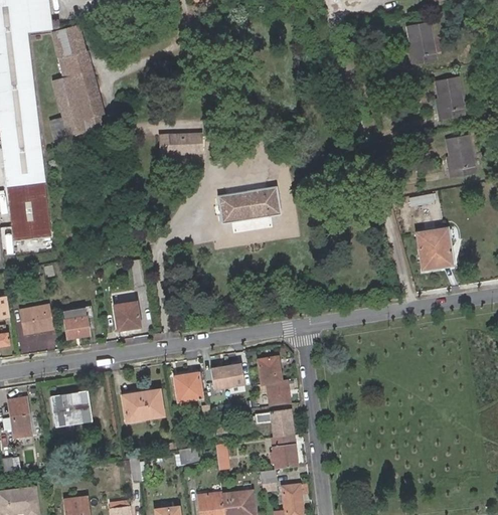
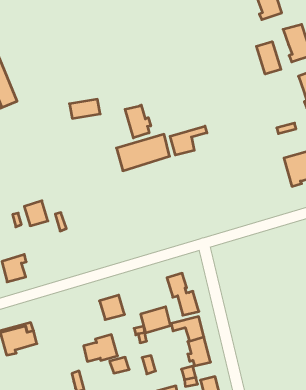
building: none -> [256,42,281,74]
building: none -> [125,105,151,138]
building: none -> [170,126,207,155]
building: [114,302,140,330] -> [24,201,48,226]
building: [210,360,244,388] -> [141,307,171,333]
building: [123,387,162,416] -> [84,335,118,361]

